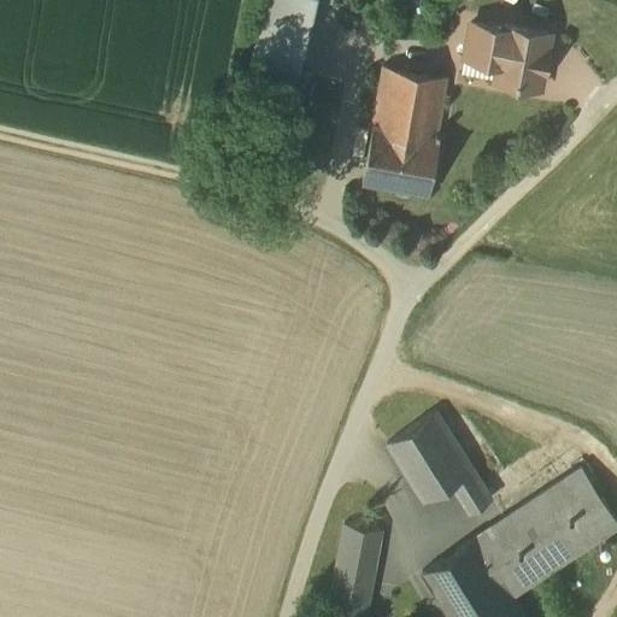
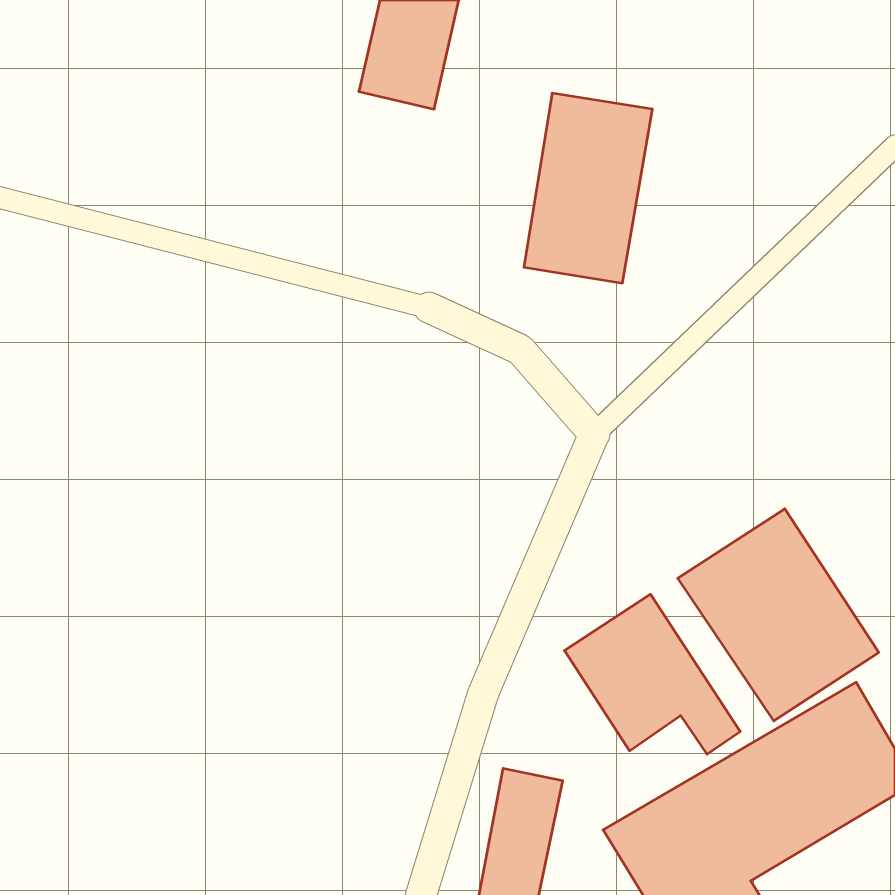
building: [457,19,551,93] -> none
building: none -> [678,509,879,721]

